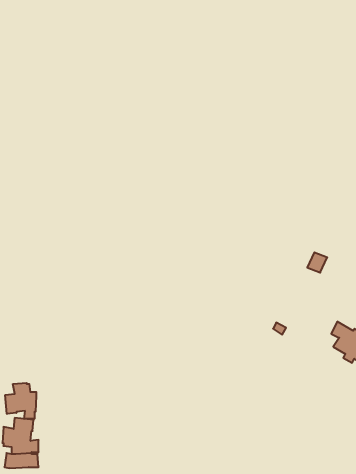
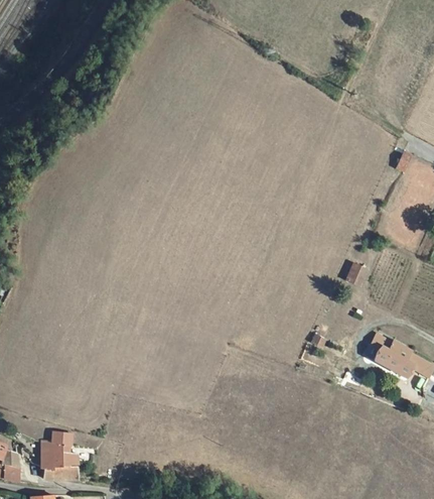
building: [5,383,36,419] -> none

